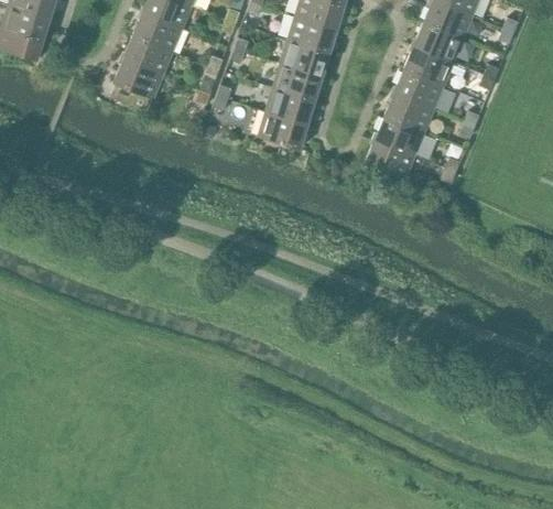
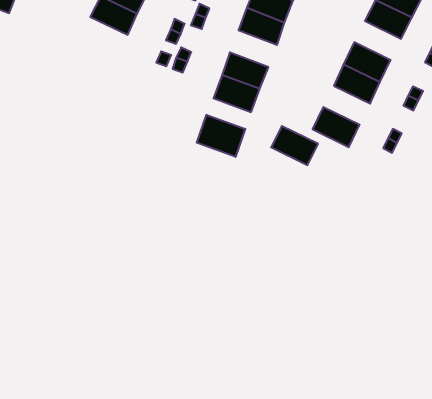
building: [404,44,454,84] -> none
building: [110,57,164,104] -> none
building: [273,62,323,99] -> none
building: [376,115,425,154] -> [271,126,318,165]
building: none -> [197,115,245,157]

